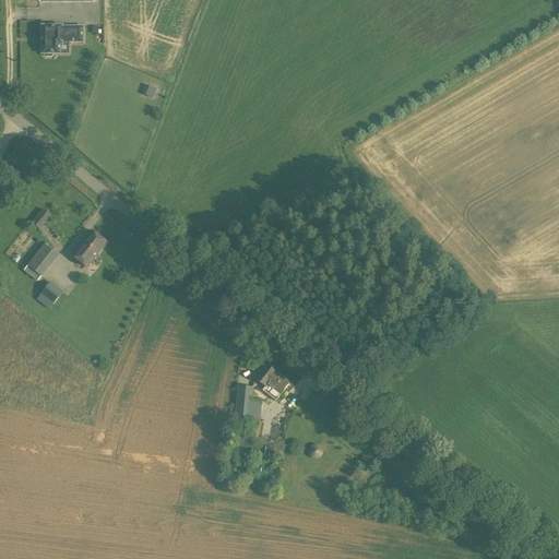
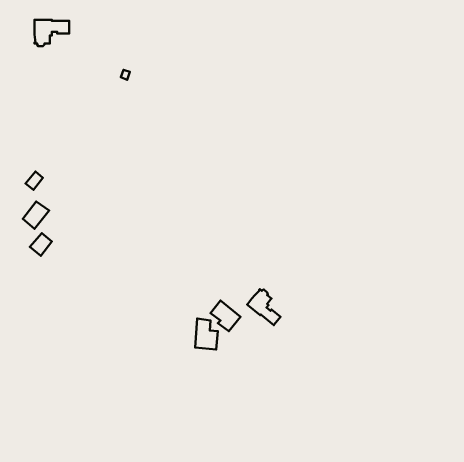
building: [71,227,108,266] -> none
building: none -> [247,289,280,325]

